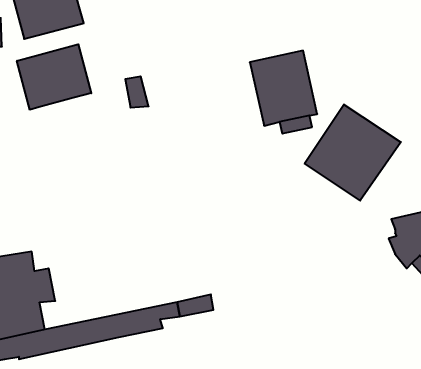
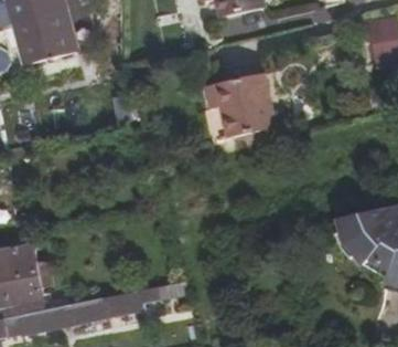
building: [17,44,91,110] -> none
building: [305,104,401,201] -> none

